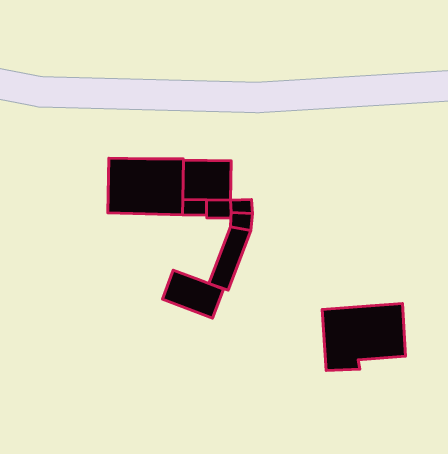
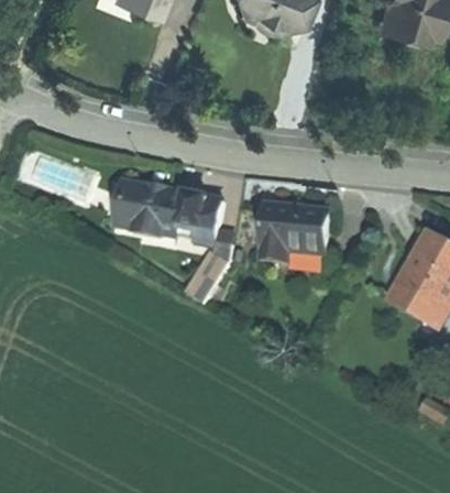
building: [162,270,223,318] -> none
building: [322,303,405,370] -> [262,206,330,258]

